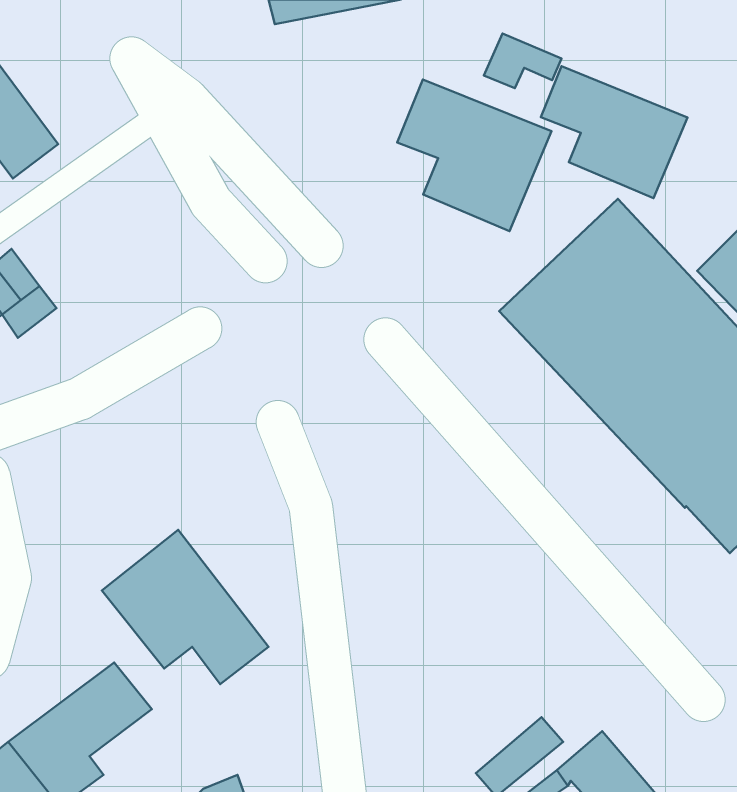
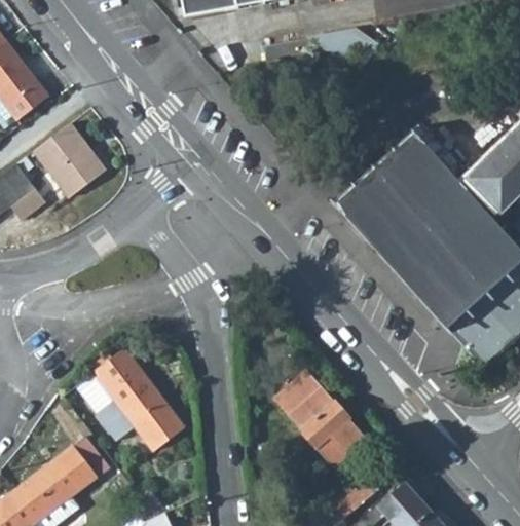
building: [541,66,687,198] -> none
building: [397,79,551,231] -> none
building: none -> [34,121,106,196]
building: none -> [271,370,364,467]

